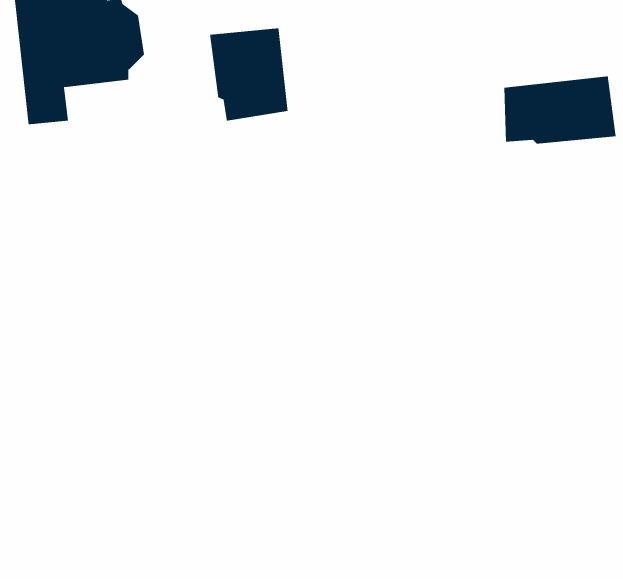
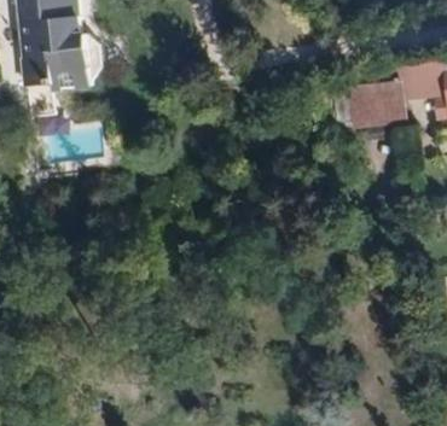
building: [210,28,288,122] -> none

